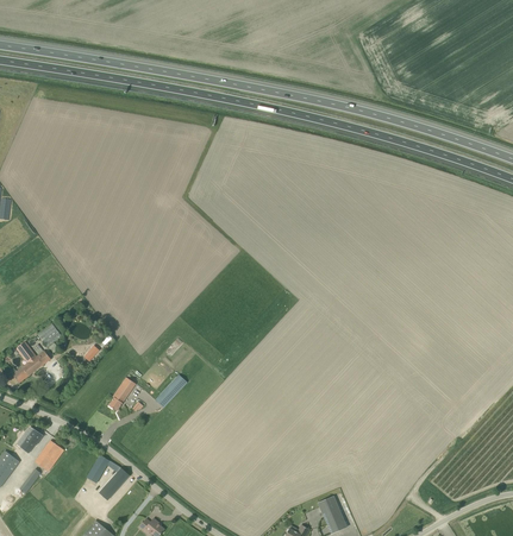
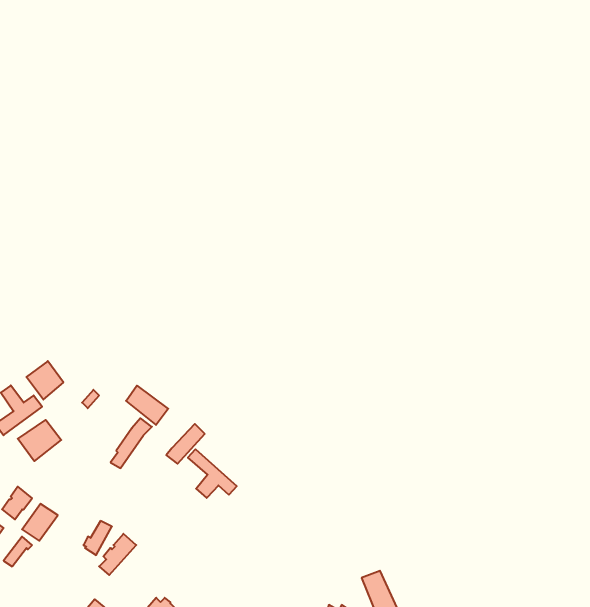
building: none -> [126,386,168,425]
building: none -> [18,420,61,461]
building: none -> [188,449,237,498]

